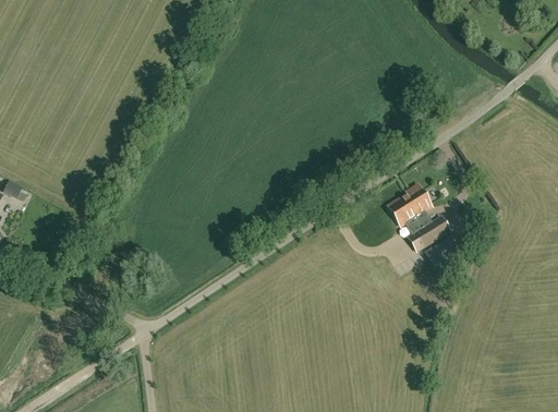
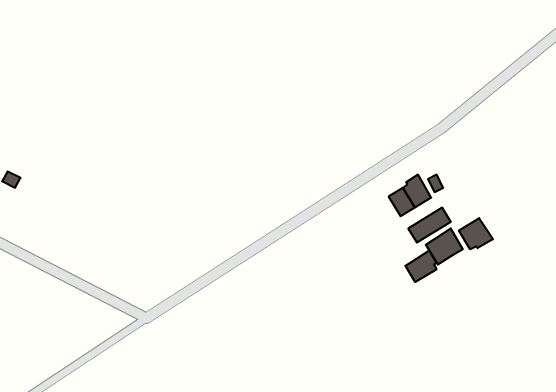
building: none -> [459,218,493,249]
building: none -> [405,251,436,282]

